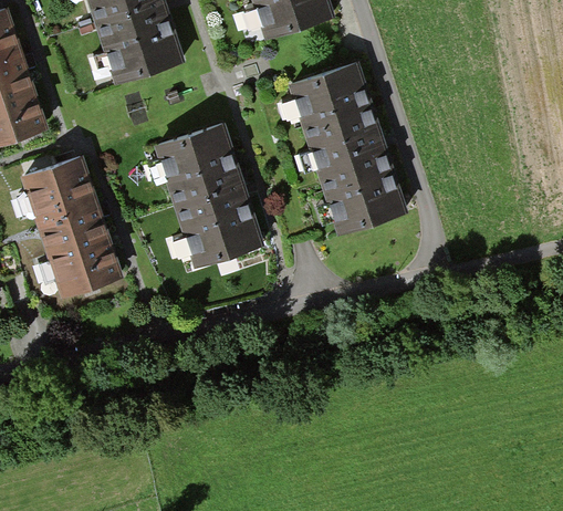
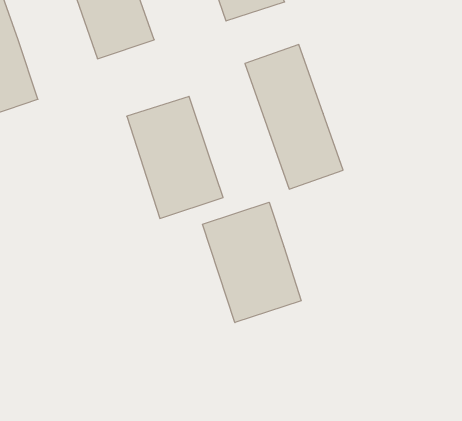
building: [24,157,122,296] -> none
building: none -> [203,202,301,323]

